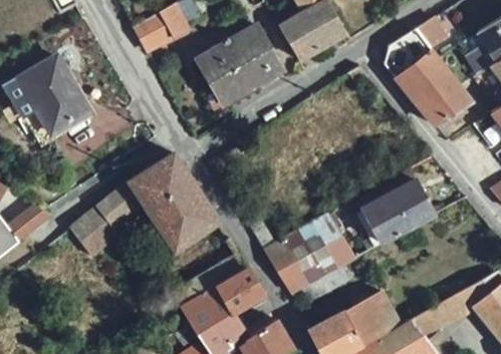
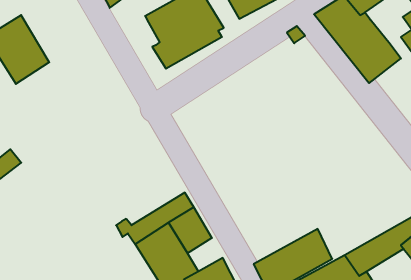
building: [69,152,220,256] -> none
building: [357,169,437,245] -> none
building: [264,209,354,292] -> none

